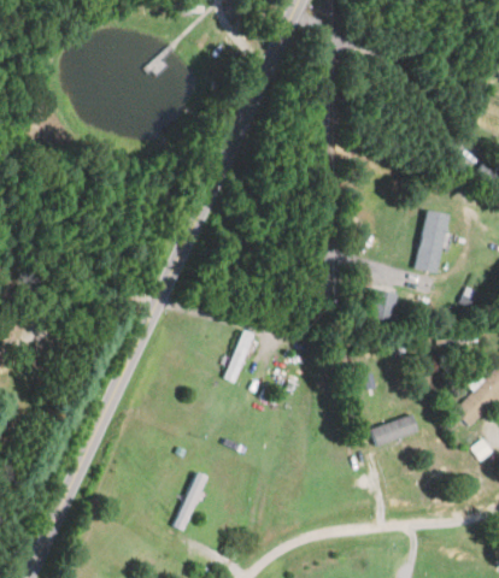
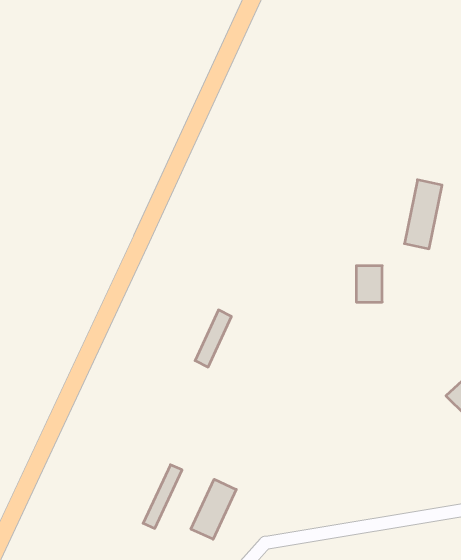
building: [371,414,422,449] -> none
building: none -> [191,479,236,539]

